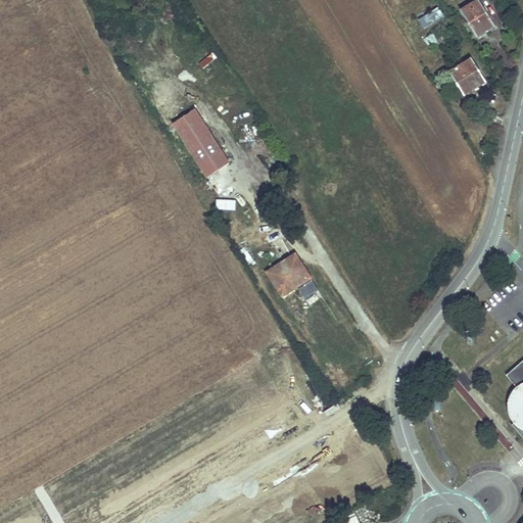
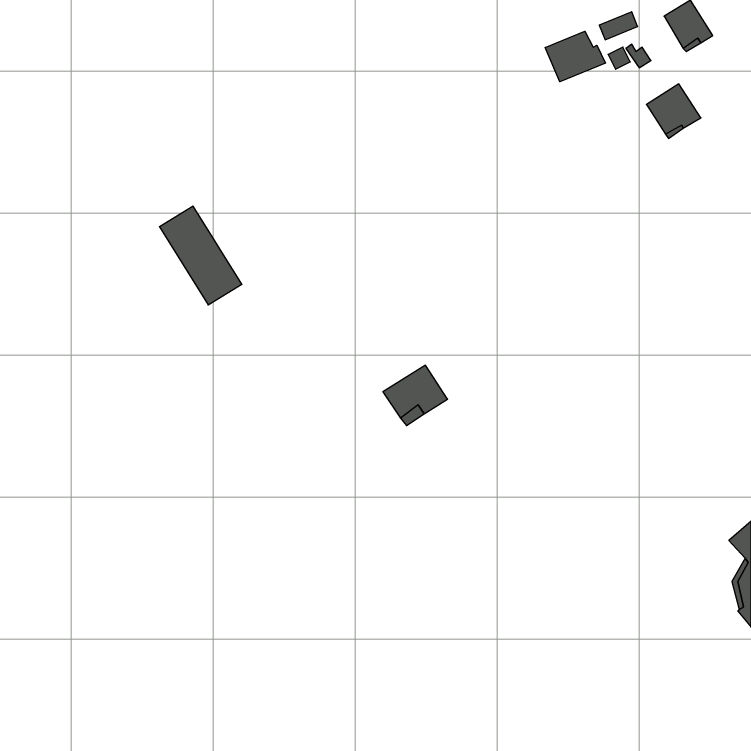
building: none -> [545,31,605,82]
building: [172,108,229,177] -> [159,206,242,305]

